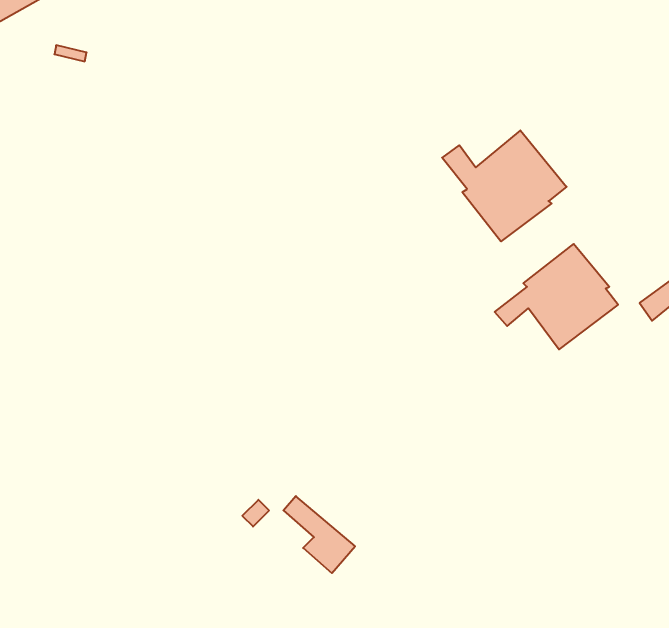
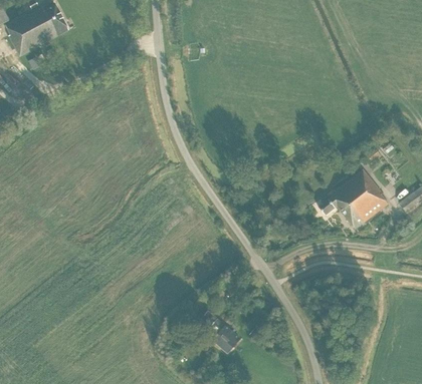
building: [442,130,567,241] -> none

